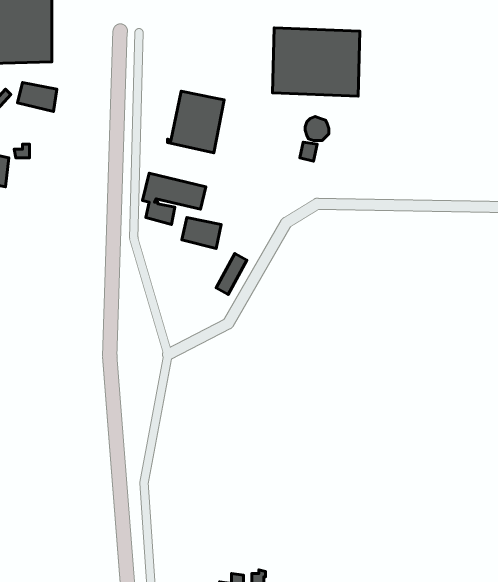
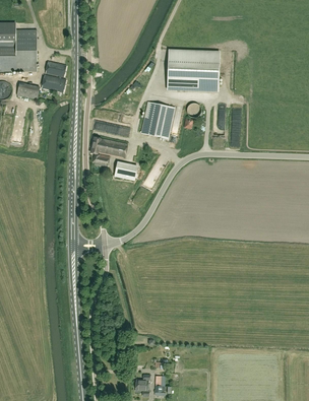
building: none -> [41,61,66,92]
building: [168,91,224,153] -> [139,102,173,138]

